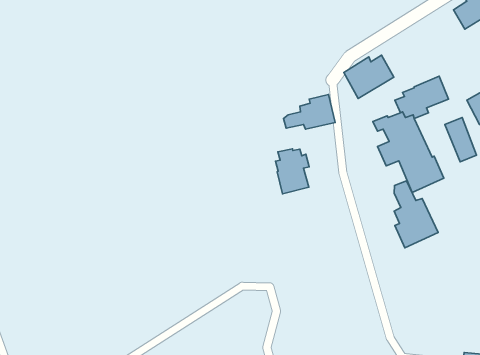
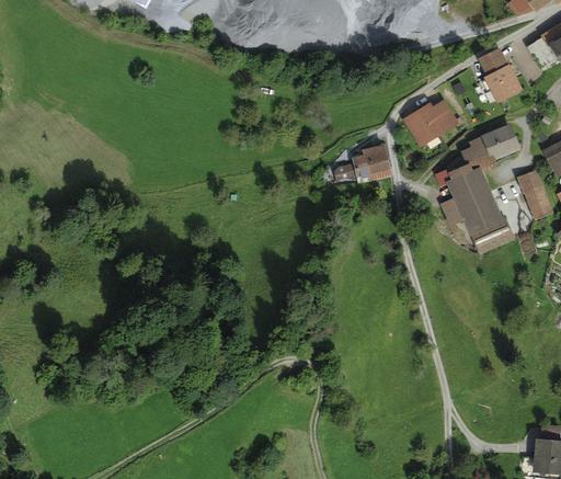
building: none -> [478,48,520,101]
building: [275,149,309,194] -> none
building: [394,181,438,248] -> none

